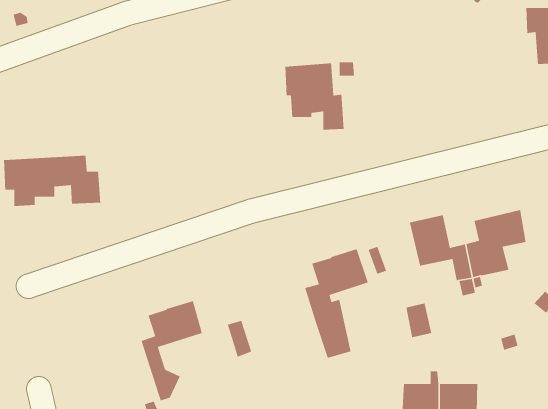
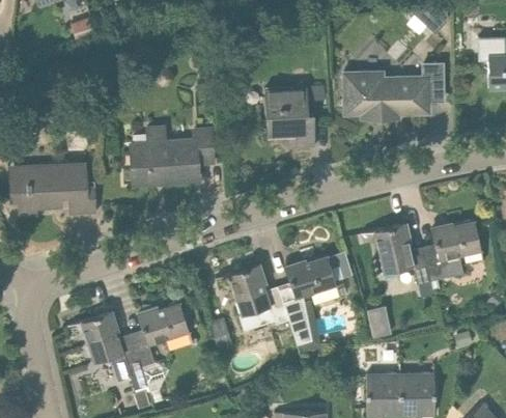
building: none -> [344,65,442,117]
building: none -> [130,124,209,185]
building: none -> [216,263,288,331]
building: none -> [68,310,147,390]

